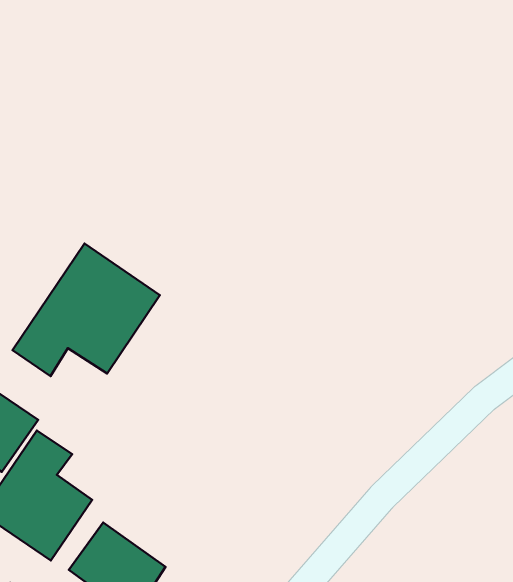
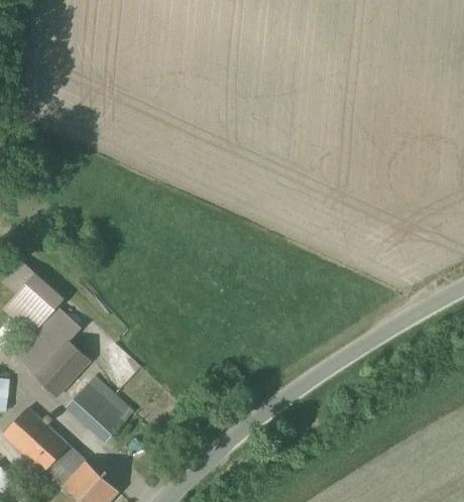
building: [13,243,160,376] -> none

